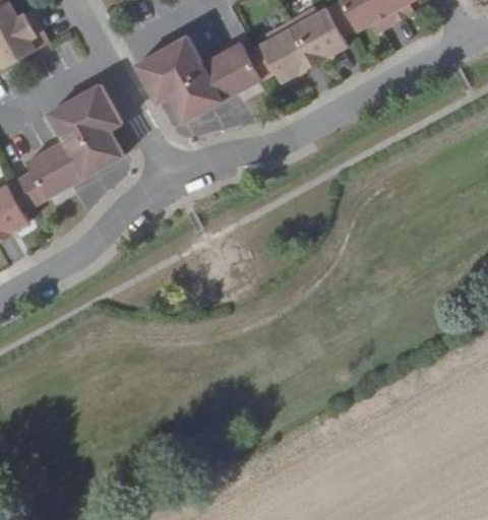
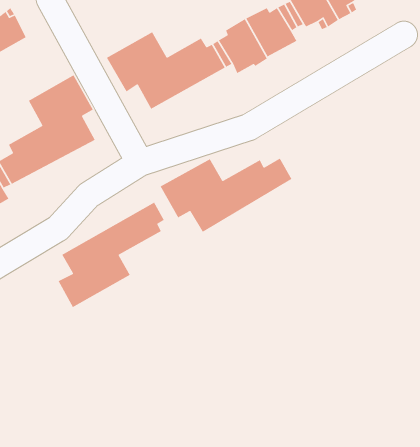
building: none -> [159,158,292,233]
building: none -> [57,201,165,308]

